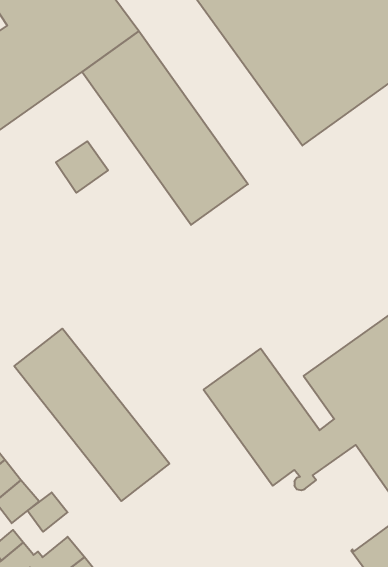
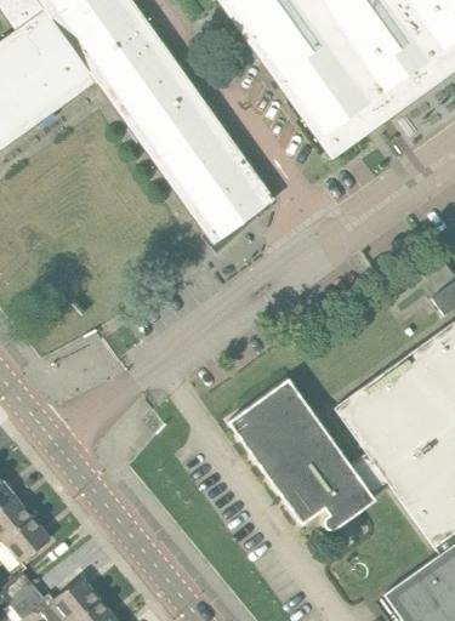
building: [56,141,108,193] -> none
building: [14,329,169,501] -> none
building: [27,492,68,532] -> none

